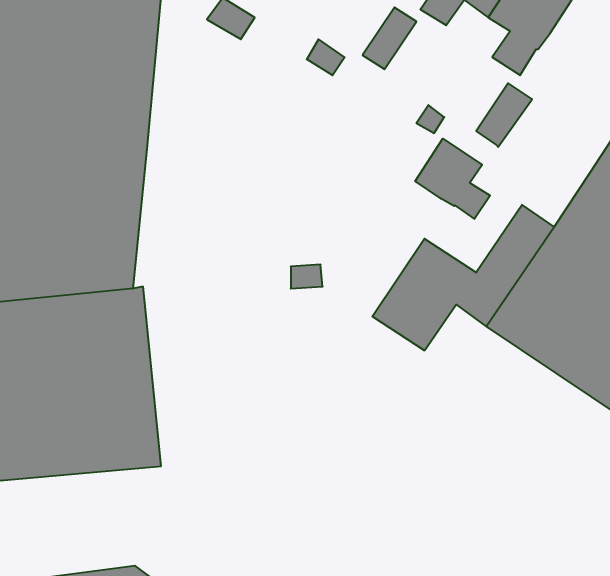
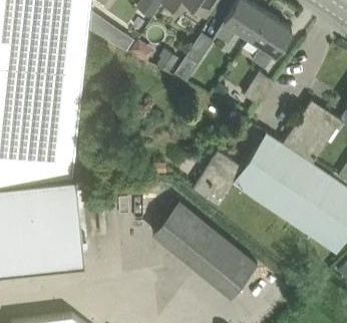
building: [415,139,490,219] -> none
building: none -> [150,200,257,298]

